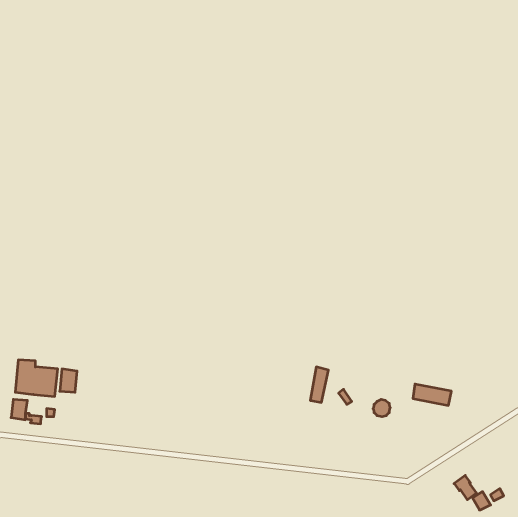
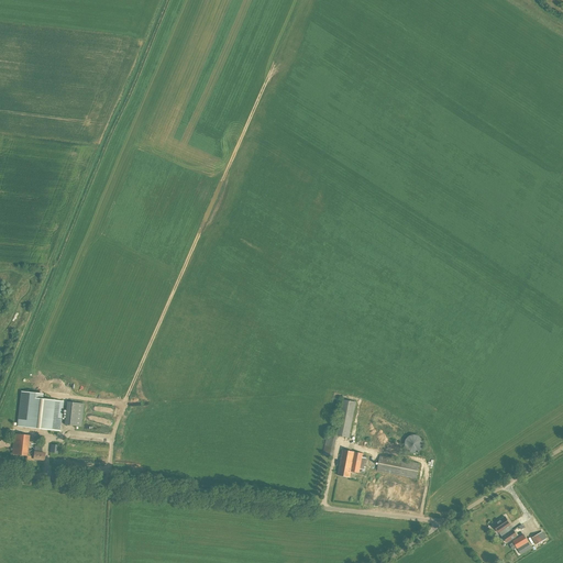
building: [413,384,451,405] -> [377,454,419,477]
building: none -> [338,449,367,476]

